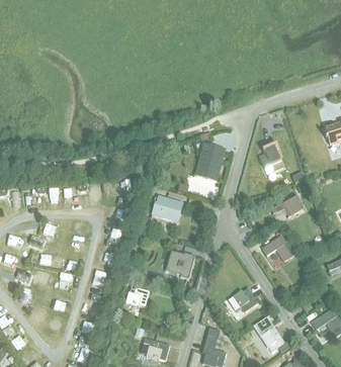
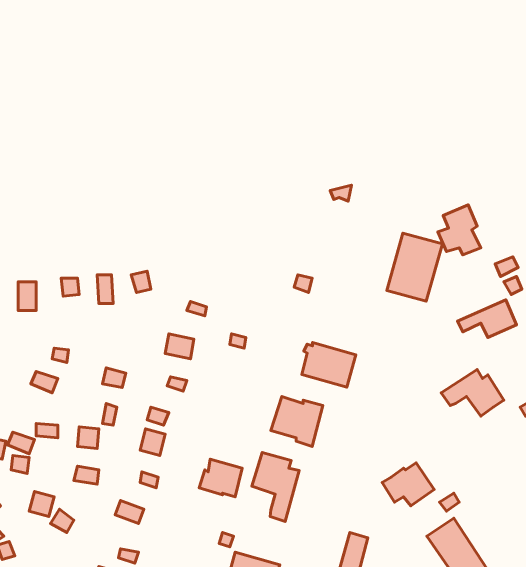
building: [194,142,226,180] -> [387,233,442,301]
building: [152,195,182,220] -> [302,342,356,387]
building: none -> [252,452,299,522]

